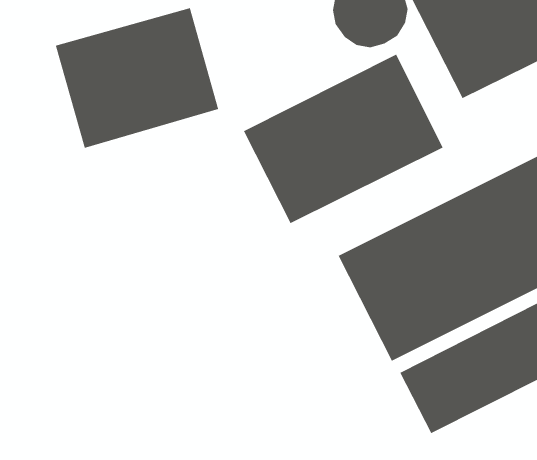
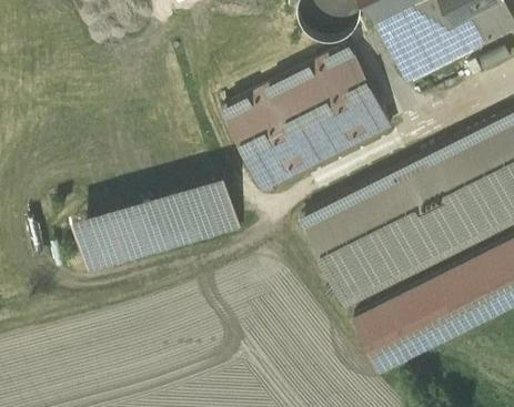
building: [55,7,219,149] -> none
building: none -> [71,174,242,276]

